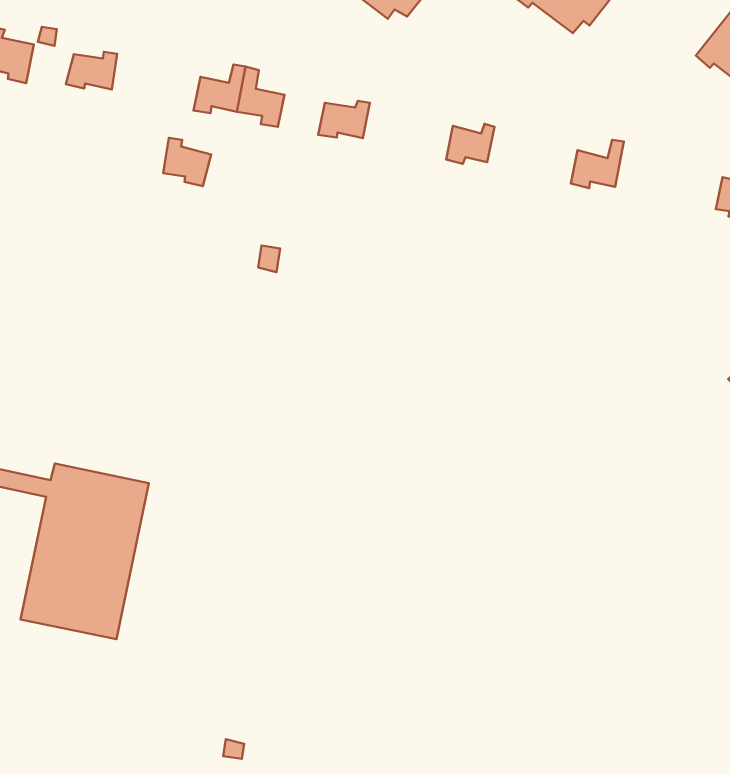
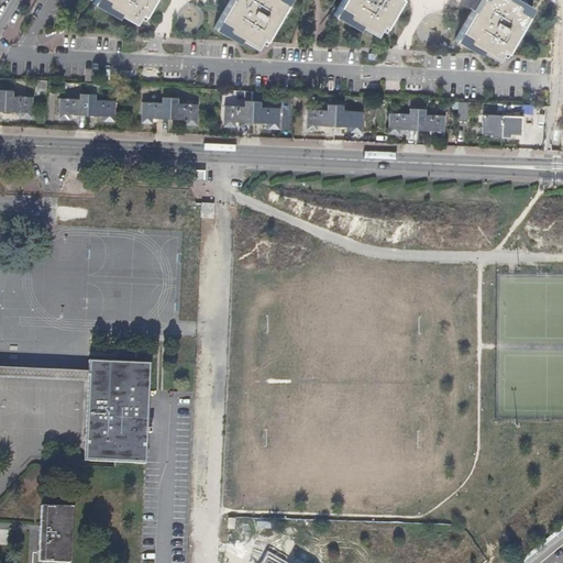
building: none -> [254,100,283,128]
building: none -> [335,103,365,131]
building: [163,138,211,186] -> [90,93,119,121]
building: none -> [419,100,448,135]

